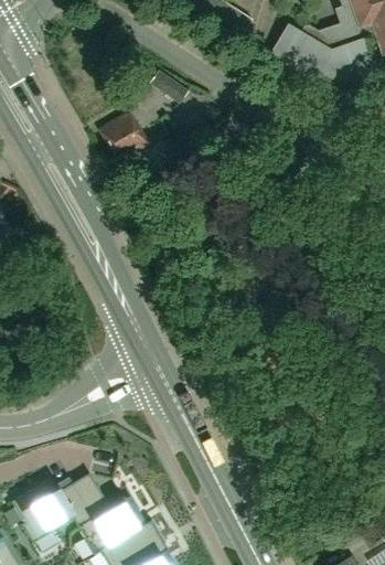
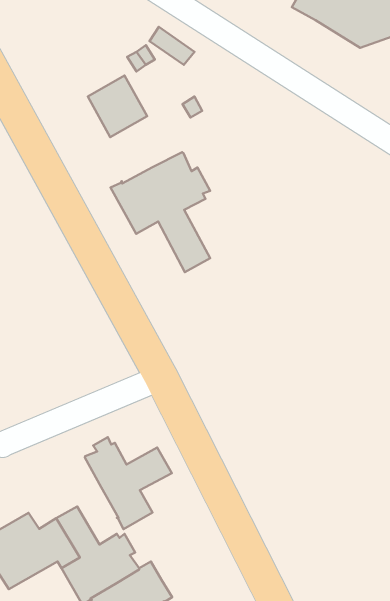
building: none -> [111,152,210,272]
building: none -> [85,437,172,529]

